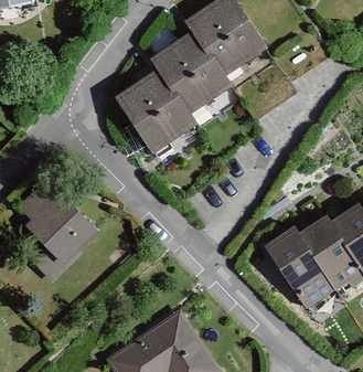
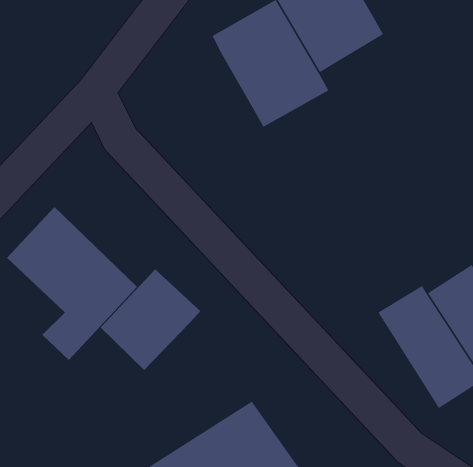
building: [111,70,192,158] -> none
building: none -> [100,269,201,371]

